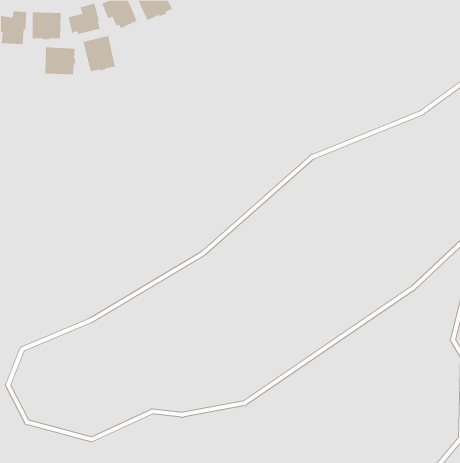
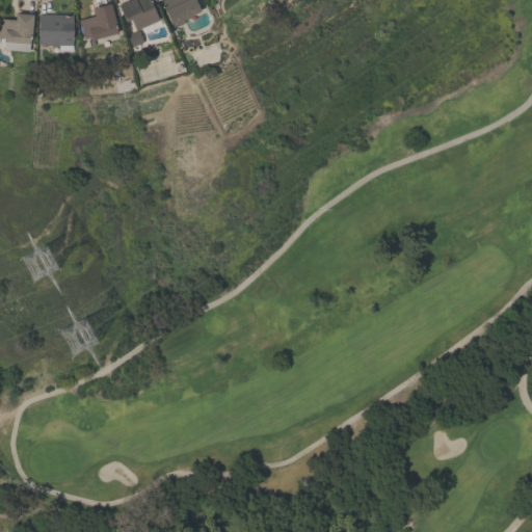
building: [83,35,115,72] -> none
building: [45,46,76,75] -> none

